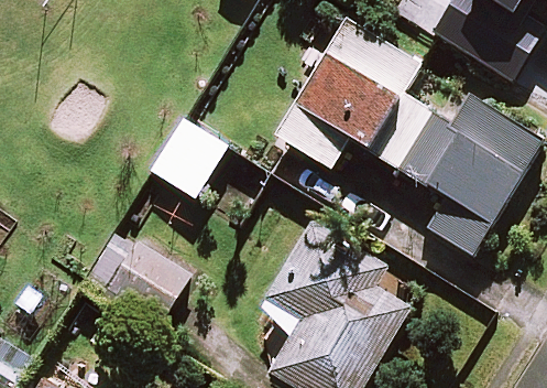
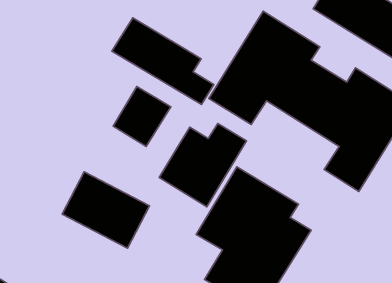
building: none -> [112,18,214,105]
building: none -> [159,123,246,207]

